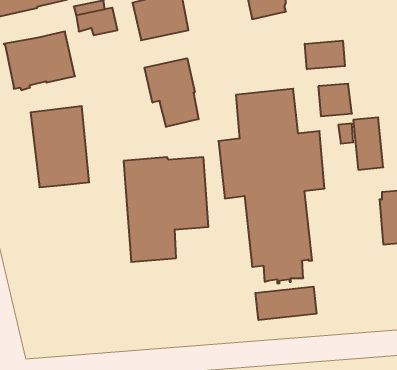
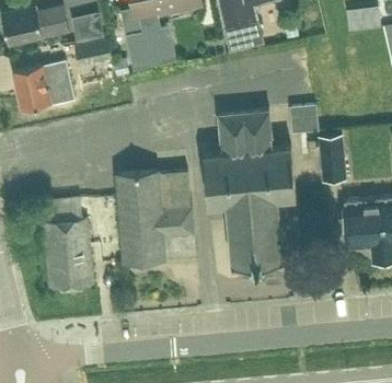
building: [305,41,345,69] -> none
building: [144,58,199,127] -> none
building: [31,106,89,187] -> [42,217,93,288]
building: [255,287,316,320] -> none

